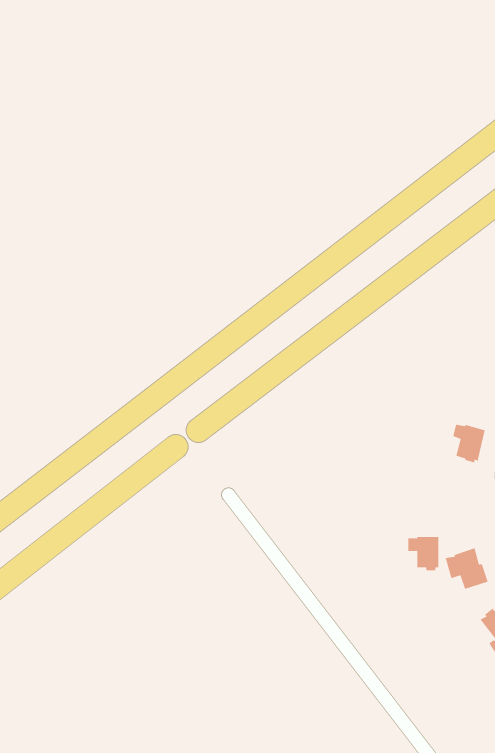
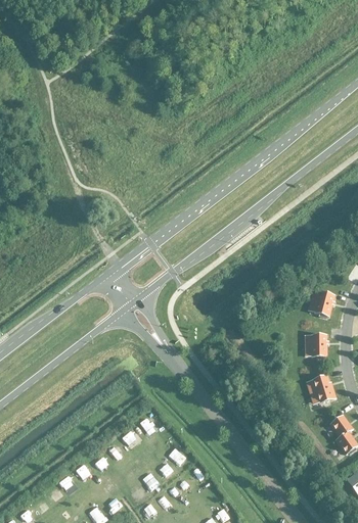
building: [408,536,439,571] -> [306,335,327,359]

